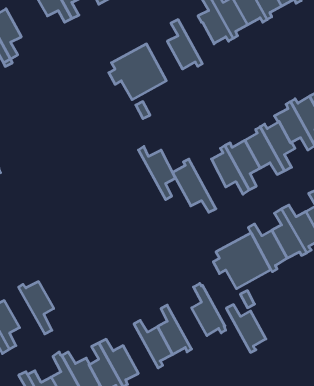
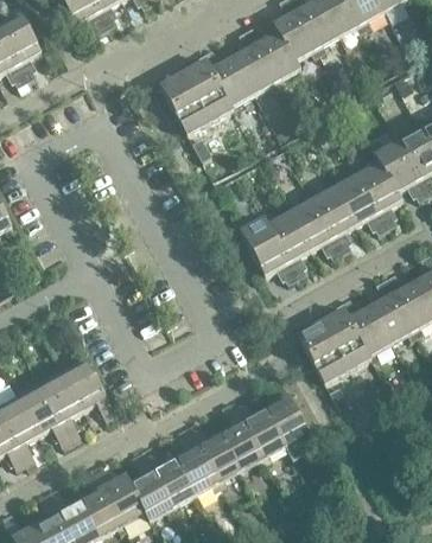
building: none -> [247,23,299,87]
building: none -> [202,49,253,111]
building: [138,146,175,200] -> [261,207,310,277]
building: none -> [63,356,115,419]
building: none -> [18,381,71,447]
building: [226,305,266,352] -> [233,400,285,462]
building: none -> [174,424,221,494]

